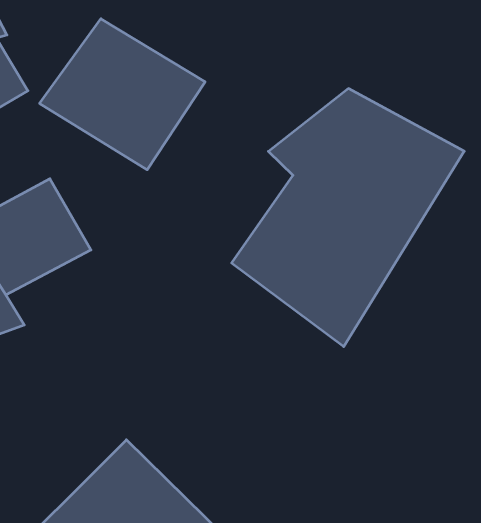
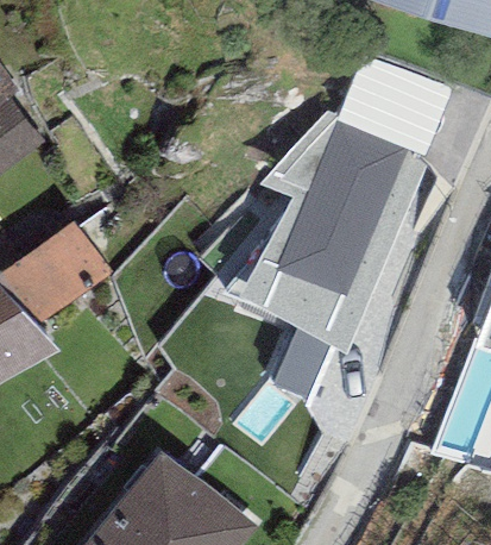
building: [40,19,205,170] -> none

